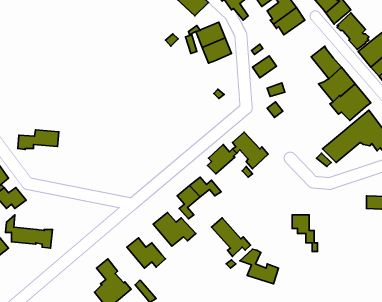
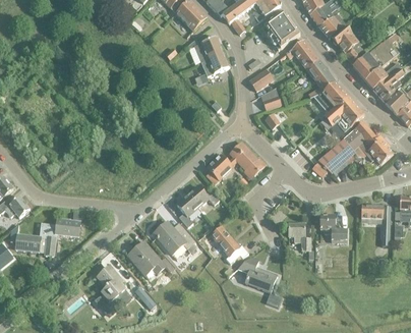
building: none -> [285,40,319,70]
building: [18,130,59,150] -> [40,220,79,239]
building: none -> [319,216,346,242]

